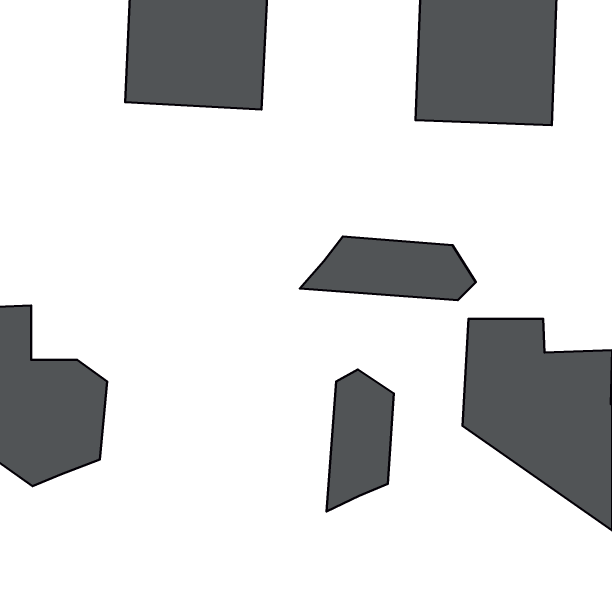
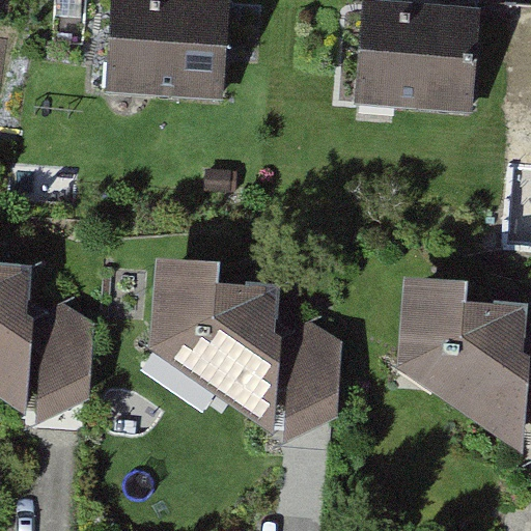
building: [300,237,476,300] -> none
building: none -> [148,266,277,429]

